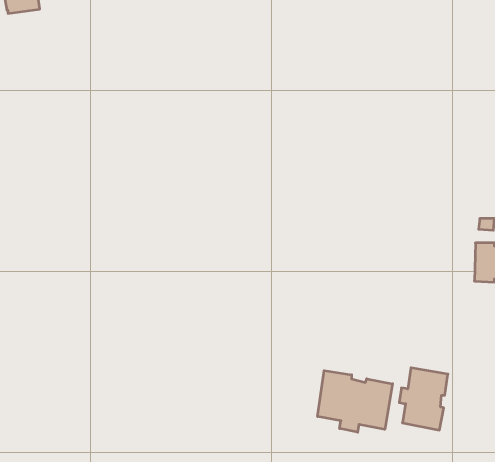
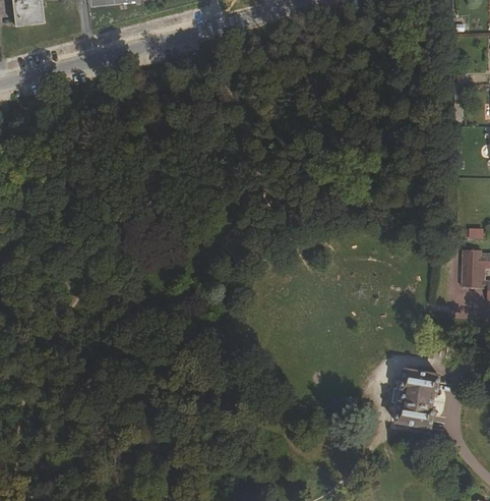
building: [318,371,393,432] -> none

